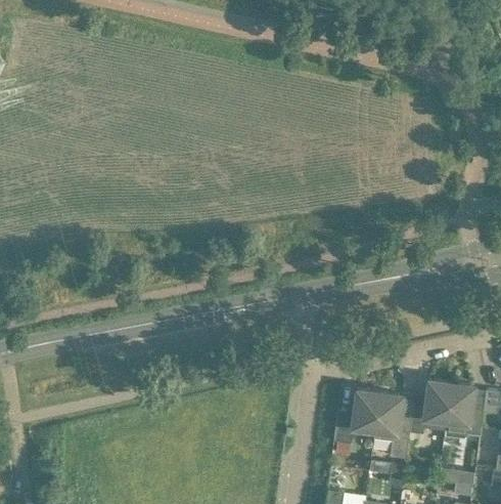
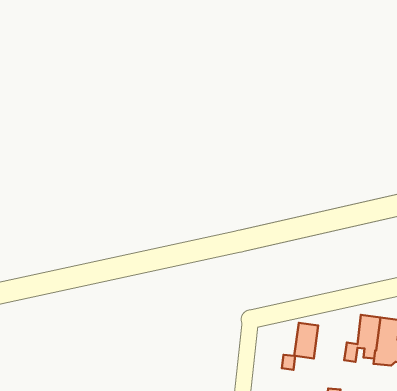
building: [373,391,411,458] -> none

